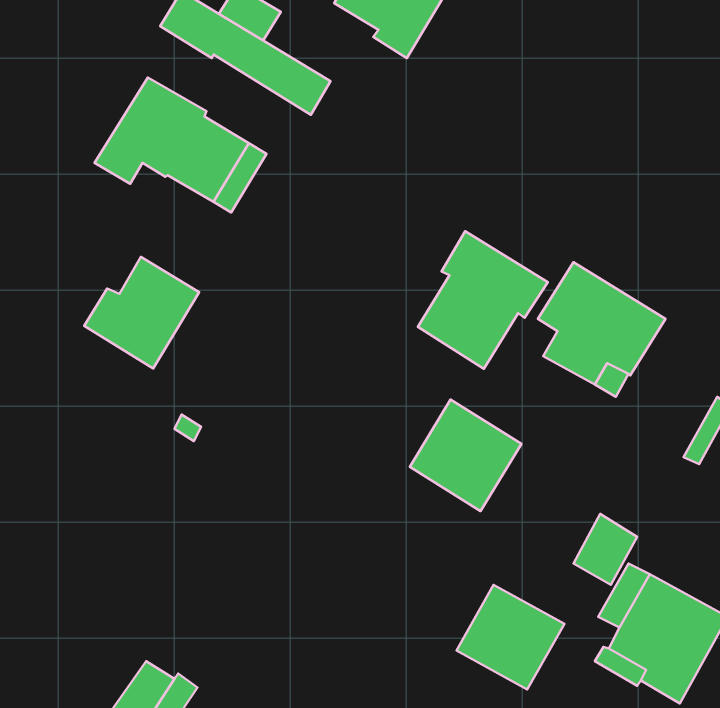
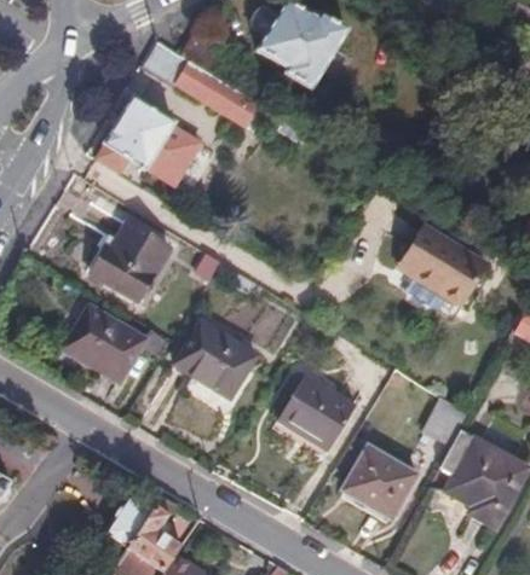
building: [418,231,548,369] -> none
building: none -> [68,308,142,377]
building: [410,399,521,511] -> [280,373,356,449]
building: none -> [179,324,253,391]

